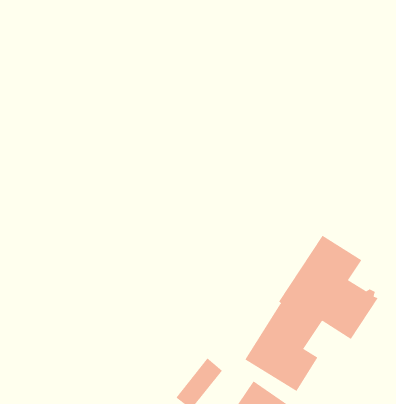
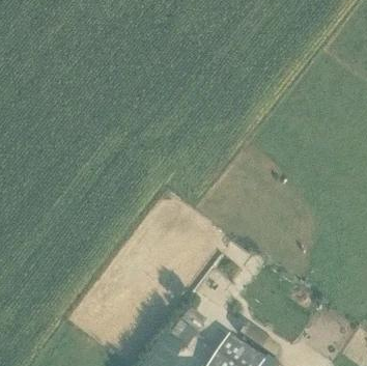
building: [244,235,379,392] -> none

